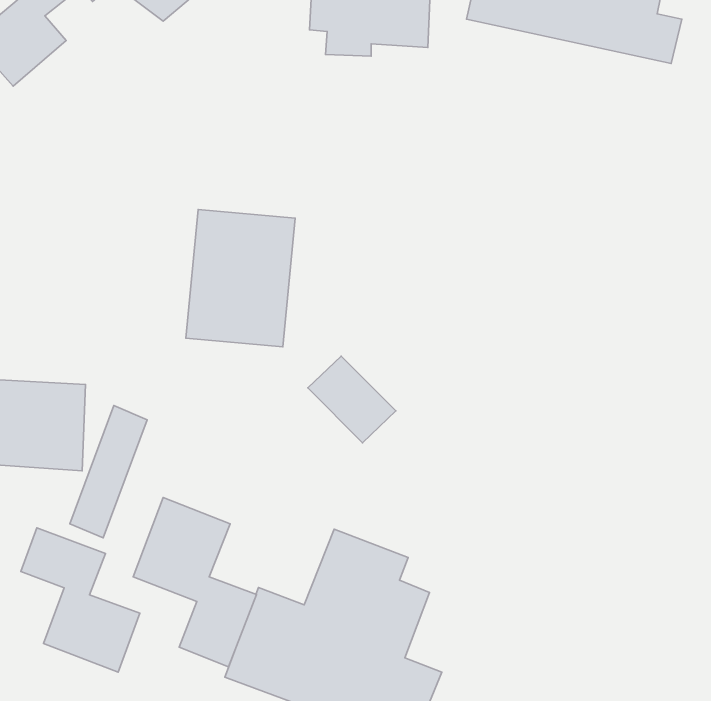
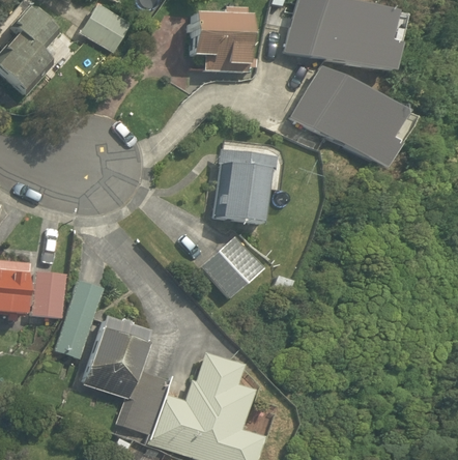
building: none -> [290,66,418,171]
building: [186,209,295,347] -> [211,143,276,224]
building: [21,528,140,672] -> none

